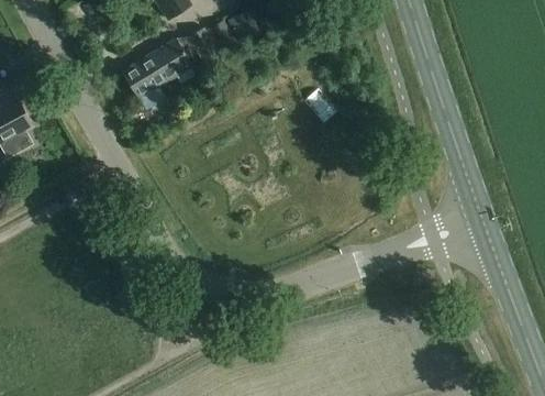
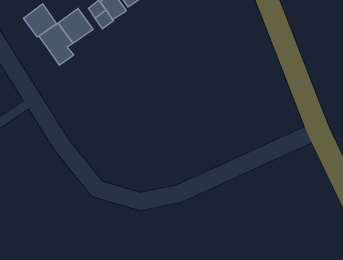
building: none -> [23,4,57,37]

